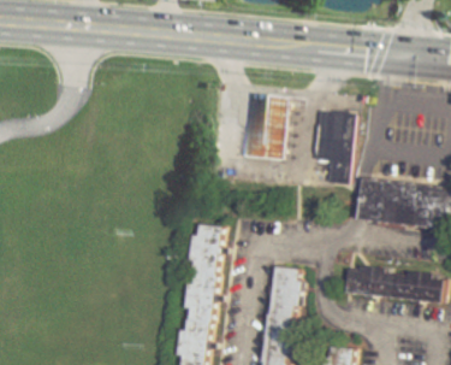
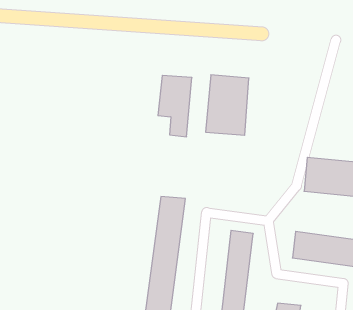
building: [315,112,354,182] -> [158,75,192,137]

